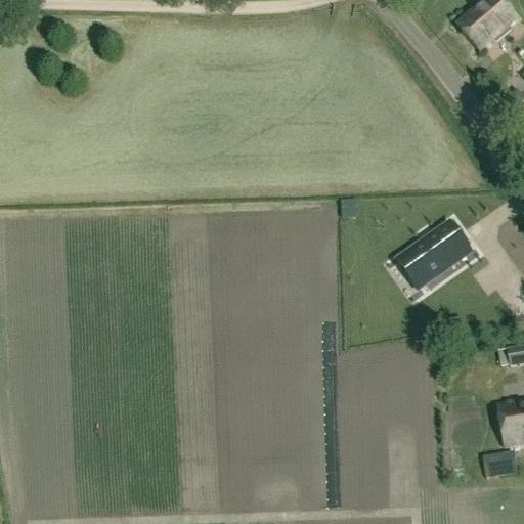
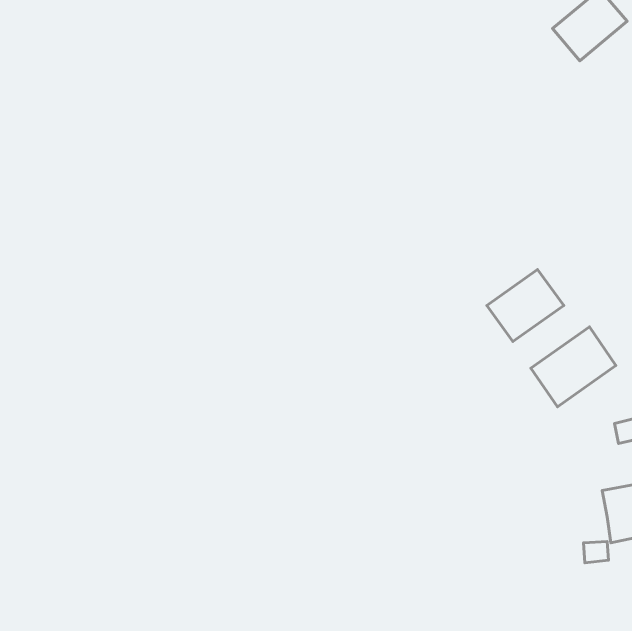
building: none -> [531,327,616,407]

